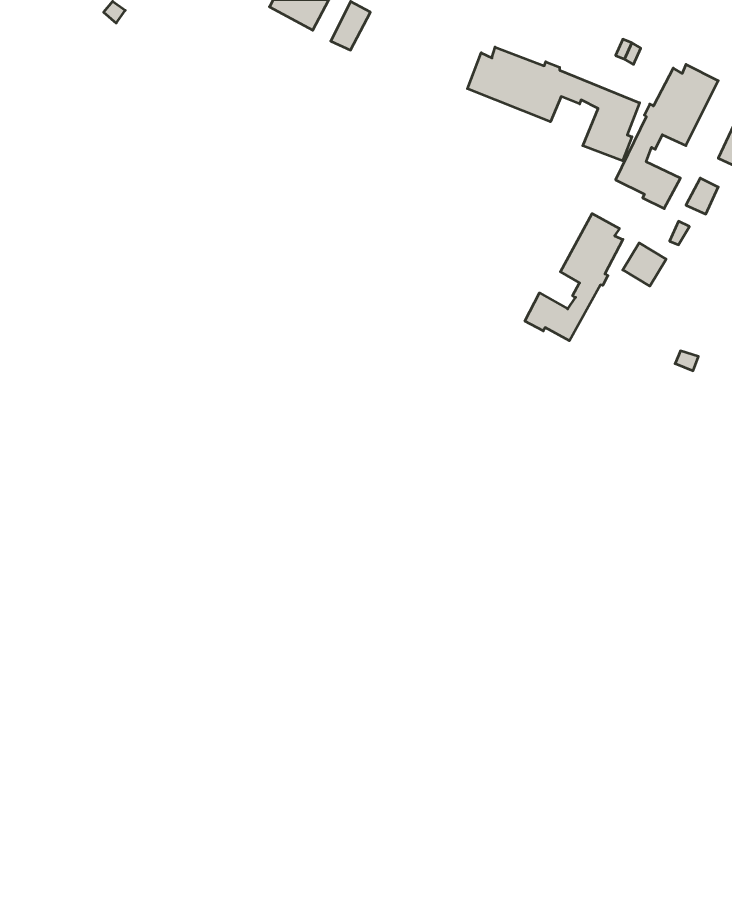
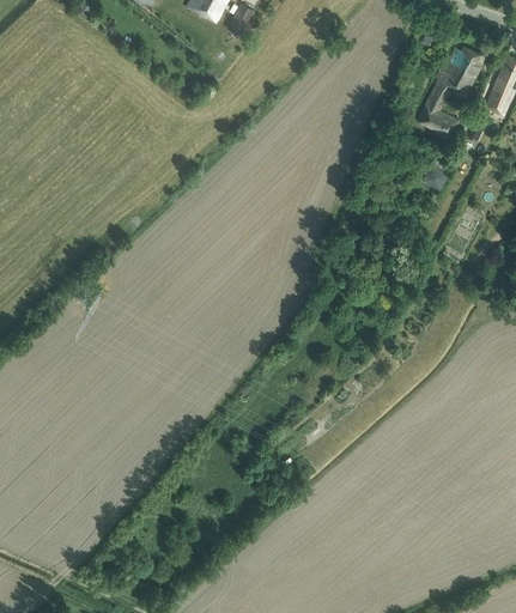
building: [467,47,640,161] -> none
building: [525,214,623,341] -> none

